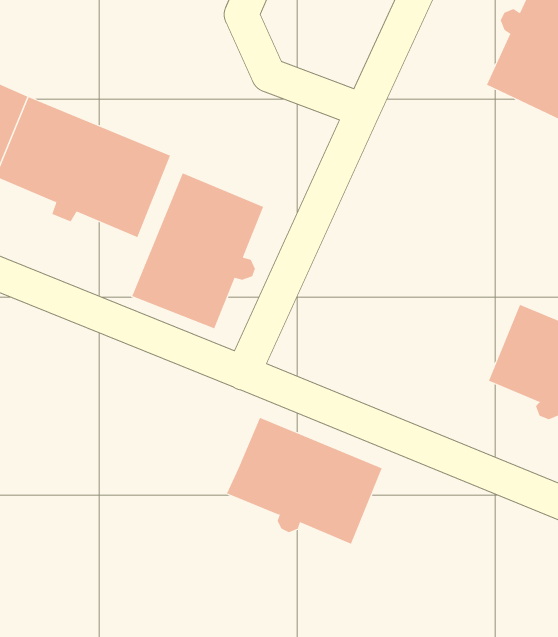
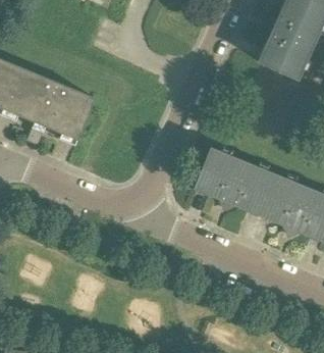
building: [132,173,264,329] -> none
building: [226,417,383,545] -> [195,149,276,215]

